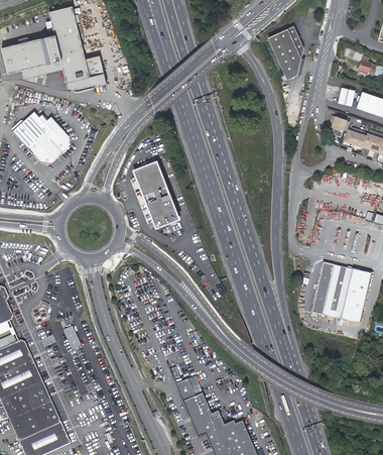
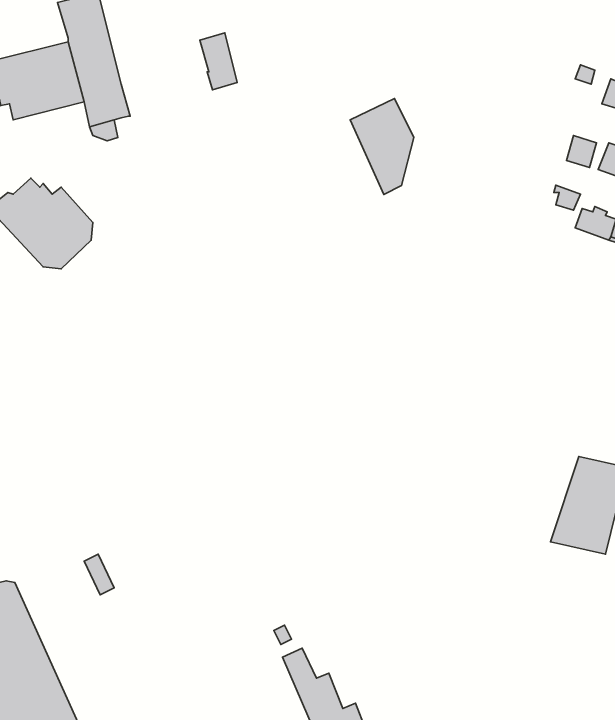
building: [267,25,303,80] -> [350,99,414,194]
building: [85,53,106,86] -> [200,33,237,90]
building: [131,159,179,228] -> none
building: [311,264,345,318] -> none

